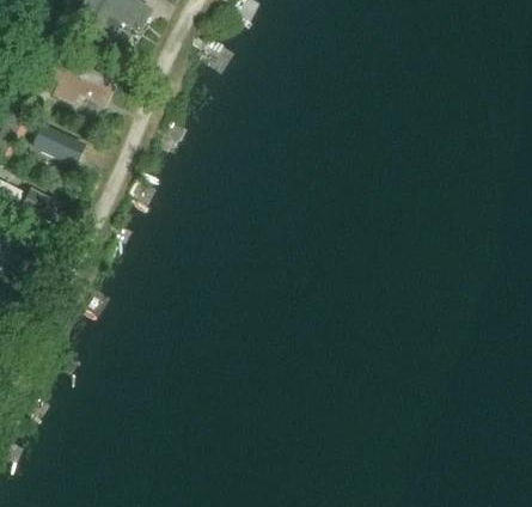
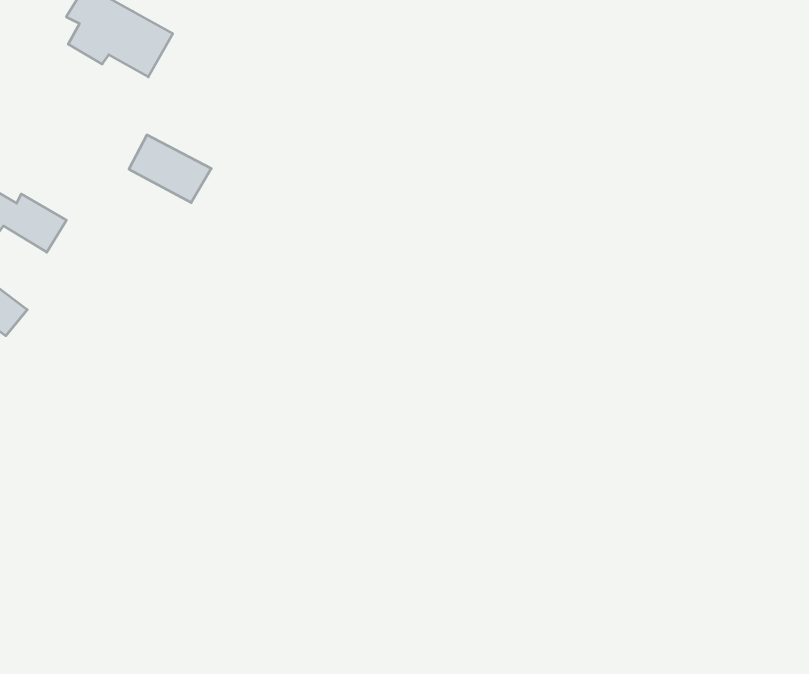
building: [32,126,82,165] -> [129,135,211,203]

